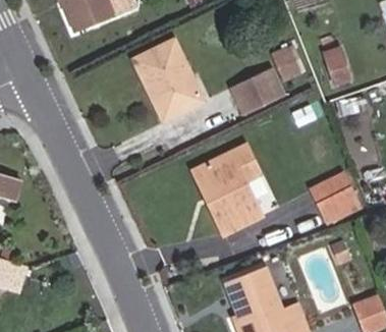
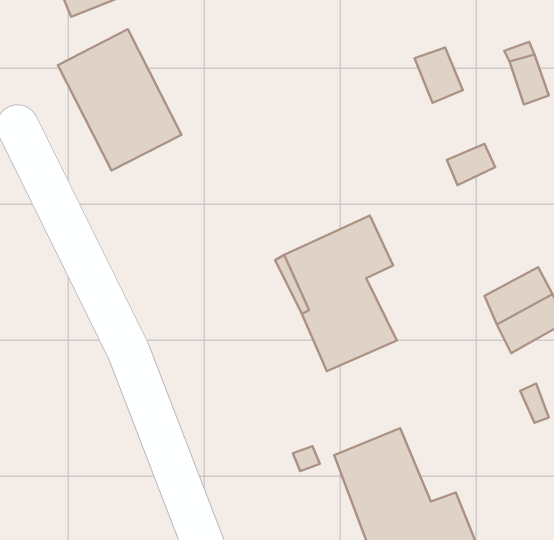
building: [133,40,204,120] -> [58,29,181,171]
building: [231,71,283,115] -> none

